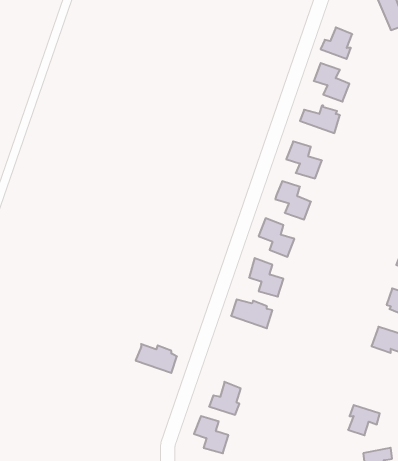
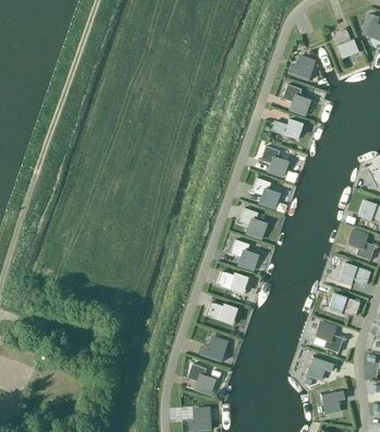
building: [136,344,177,373] -> [206,301,238,324]
building: none -> [316,321,343,351]

